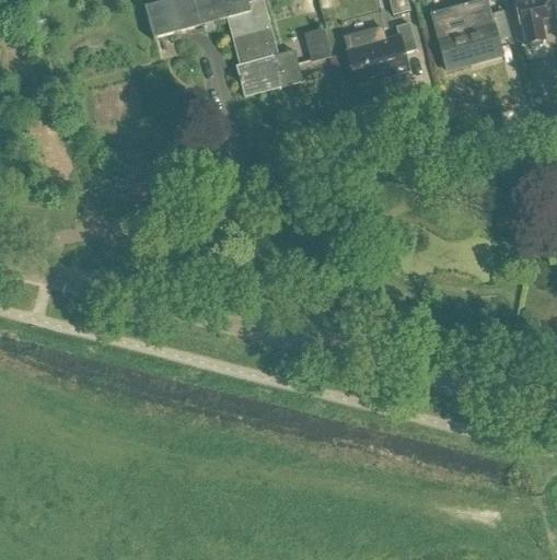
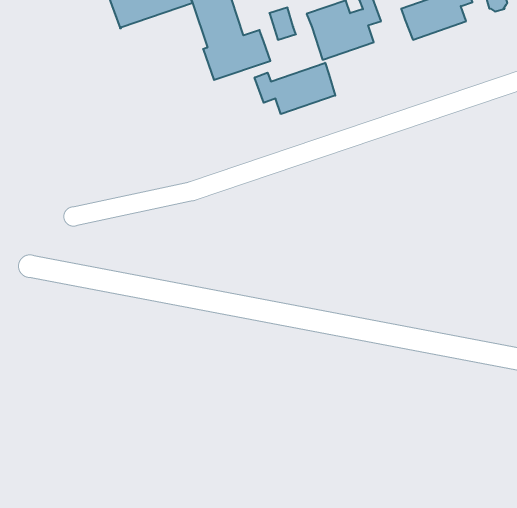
building: none -> [255,63,335,114]

